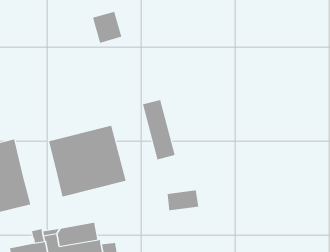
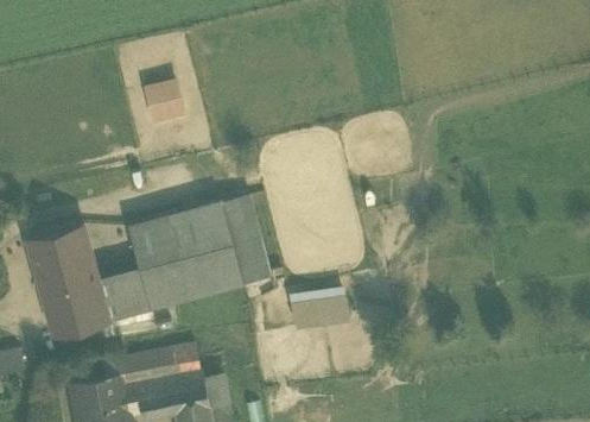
building: [92,11,122,43] -> [140,76,184,124]
building: [142,99,175,160] -> [221,196,269,285]
building: none -> [91,267,147,321]

